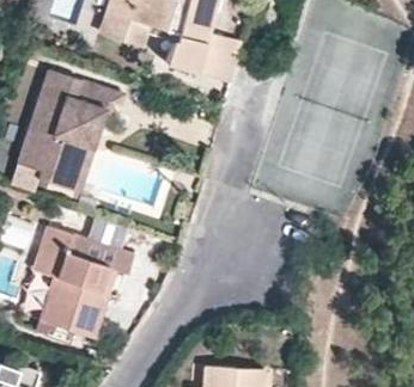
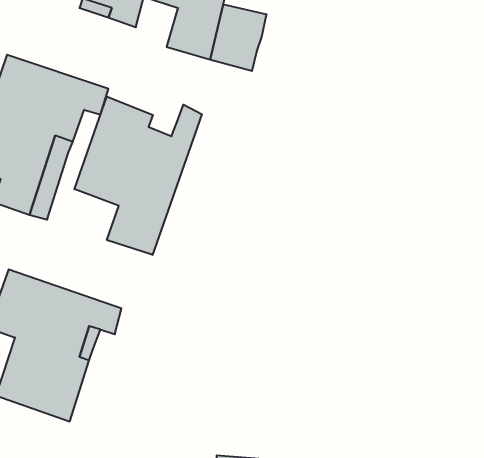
building: none -> [74,96,202,255]

